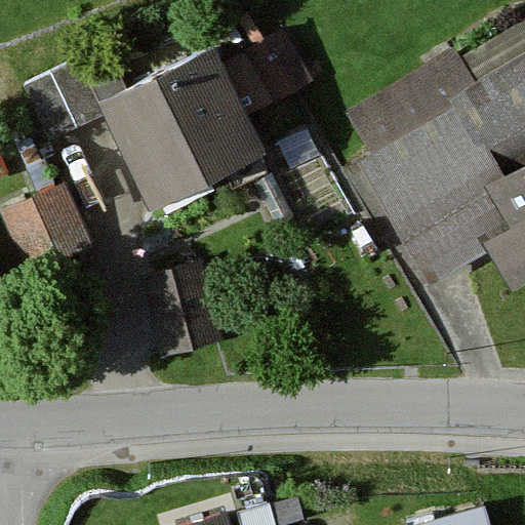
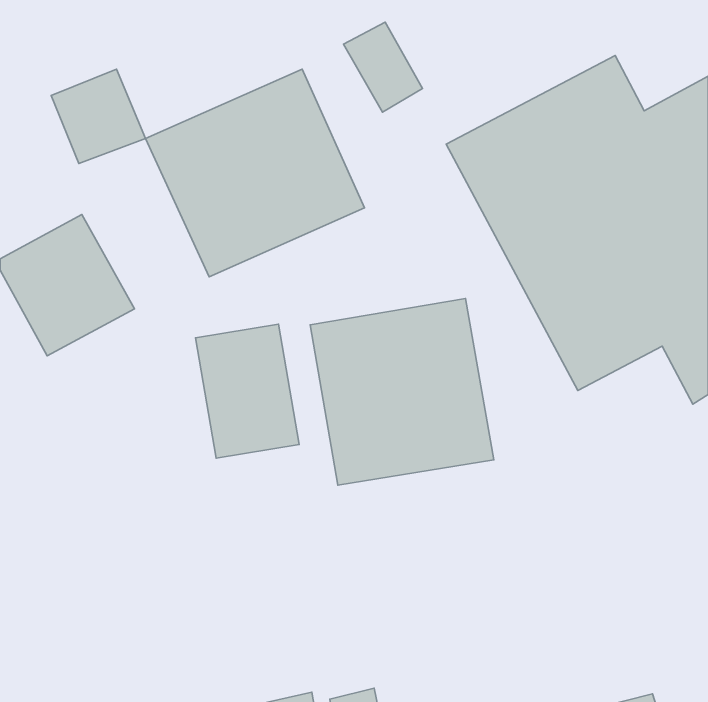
building: none -> [310,298,494,485]

